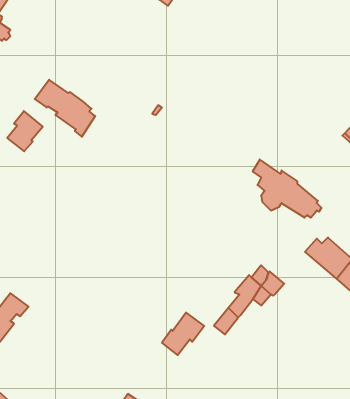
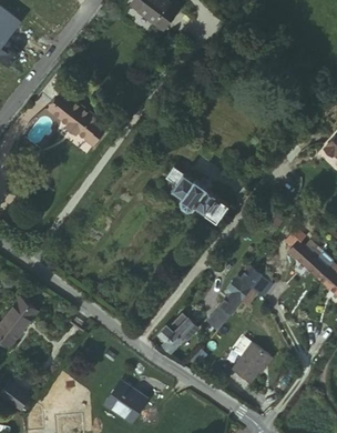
building: [7,111,43,151] -> none
building: [253,159,322,218] -> [167,167,231,220]
building: none -> [235,339,273,384]

